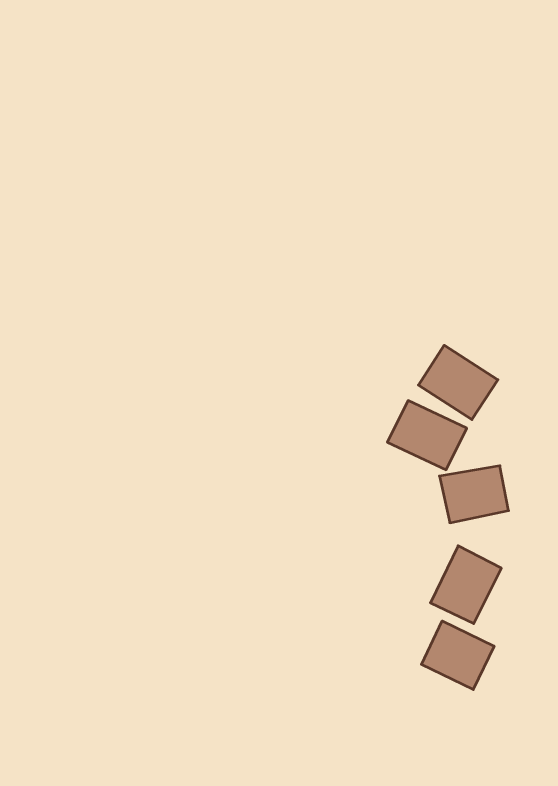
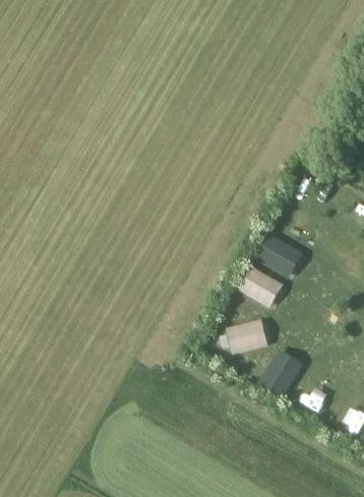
building: [439,466,509,523] -> [227,319,267,352]
building: [421,621,494,690] -> none

